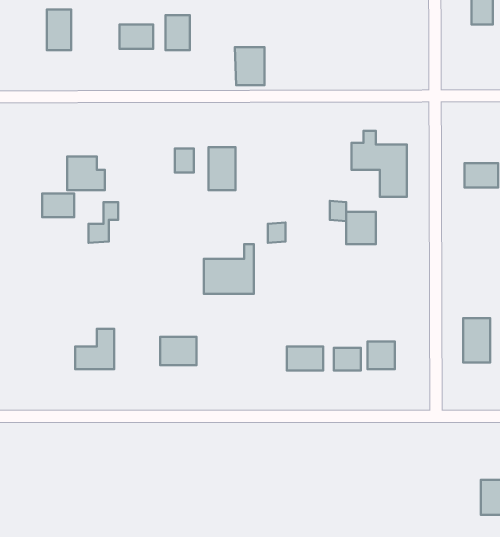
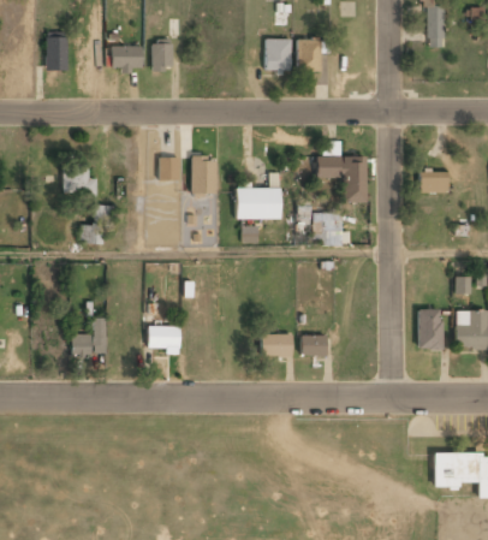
building: none -> [297,38,322,72]
building: [235,47,265,85] -> [266,38,292,72]
building: [42,194,74,217] -> none
building: [204,244,254,294] -> [237,174,281,219]
building: [368,342,395,369] -> none

